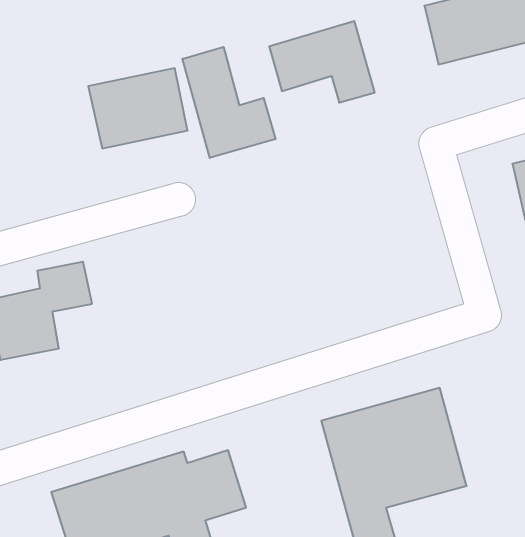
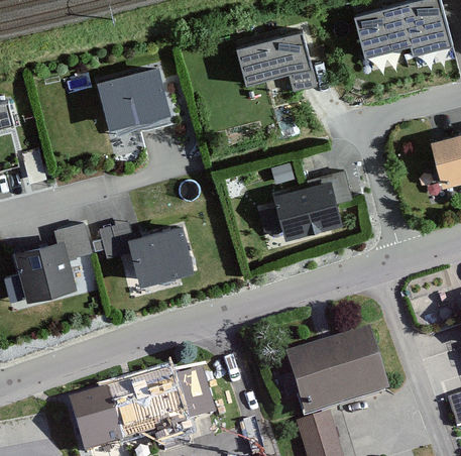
building: [182,47,275,158] -> none
building: none -> [275,168,355,239]
building: none -> [100,224,194,288]

